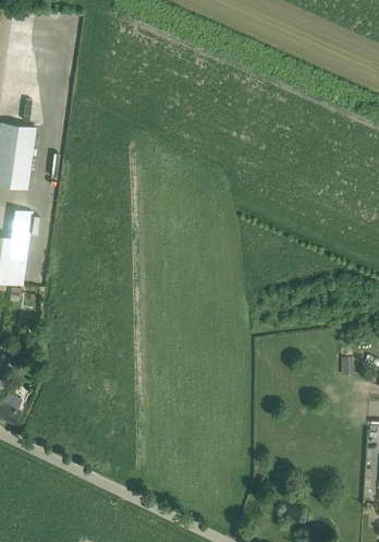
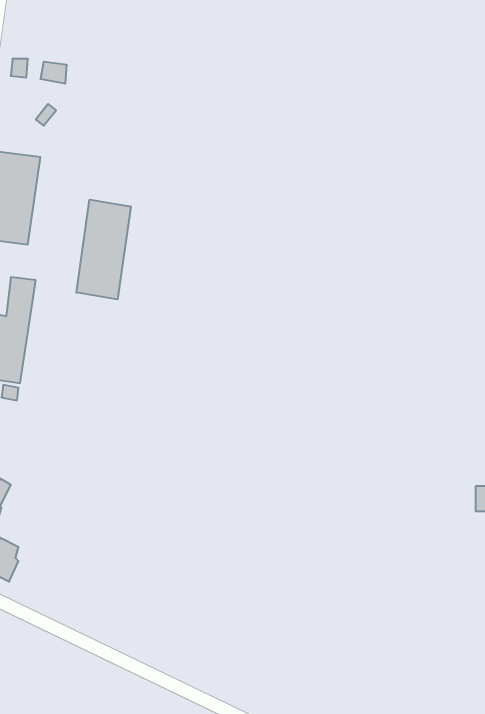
building: none -> [76,200,131,299]

